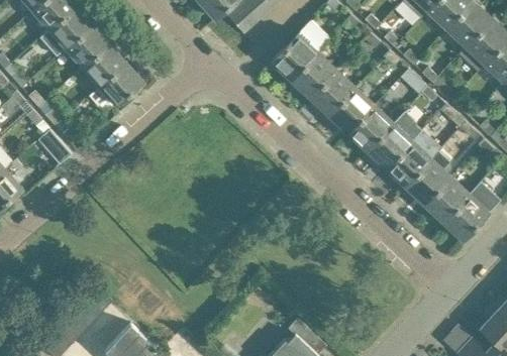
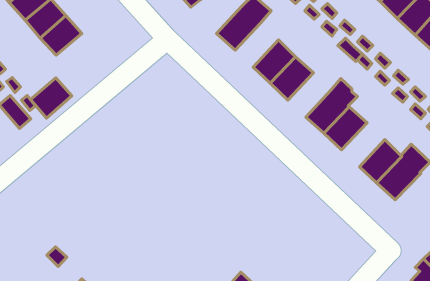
building: [291,51,337,99] -> none
building: [99,63,143,106] -> [30,78,72,118]
building: [347,105,394,152] -> none
building: [405,158,451,206] -> none

